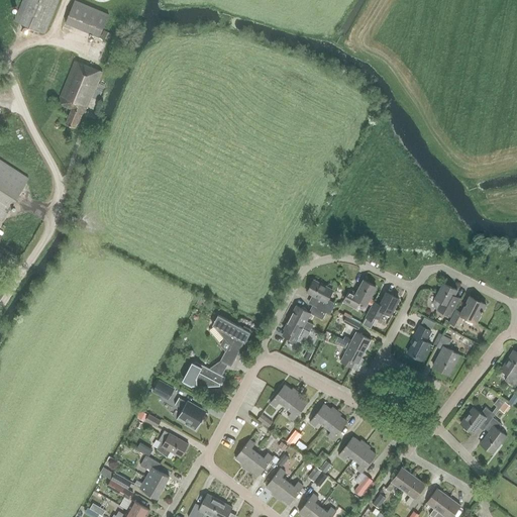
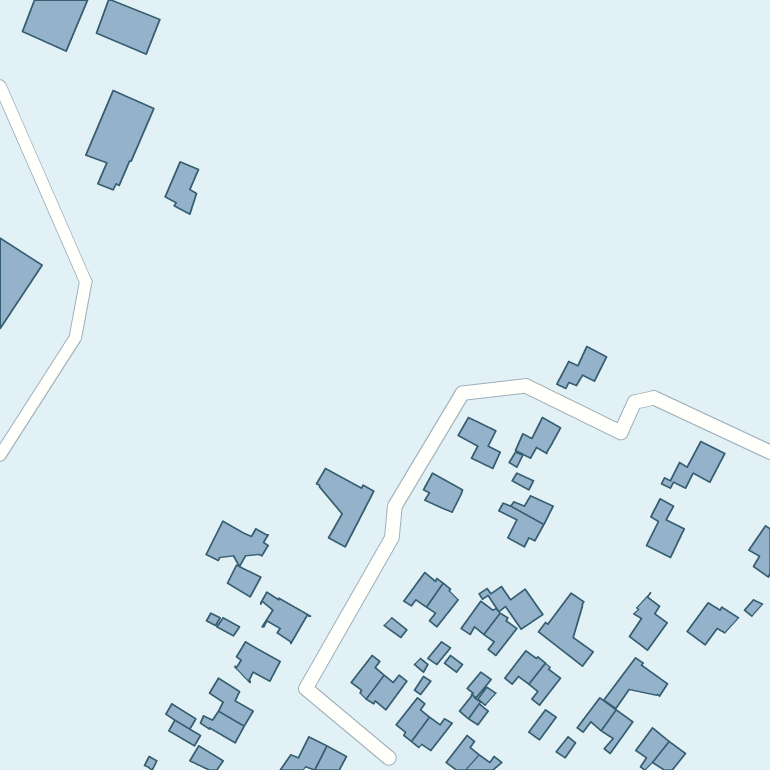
building: none -> [165,162,199,214]
building: [433,282,458,316] -> none
building: [366,292,399,320] -> [557,346,607,389]
building: [290,305,330,330] -> none
building: [407,325,429,359] -> none
building: [184,360,225,391] -> [206,521,268,566]
building: none -> [479,586,543,629]
building: none -> [539,593,593,666]
building: [481,414,506,452] -> [629,593,667,650]
building: none -> [604,658,668,709]

